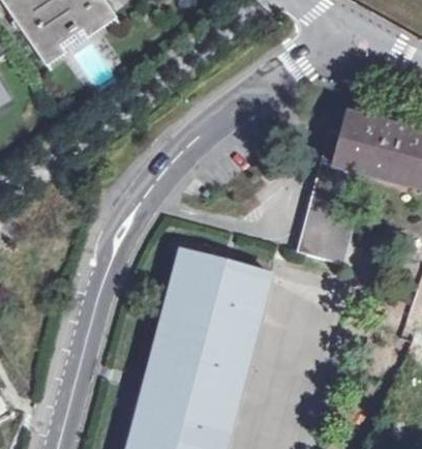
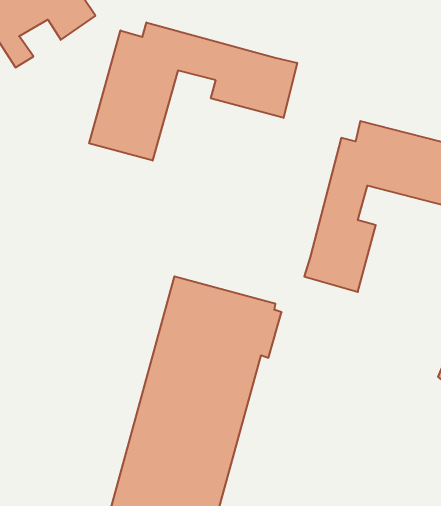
building: none -> [89,22,297,161]

